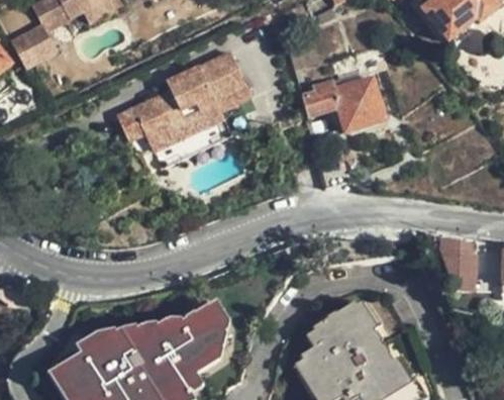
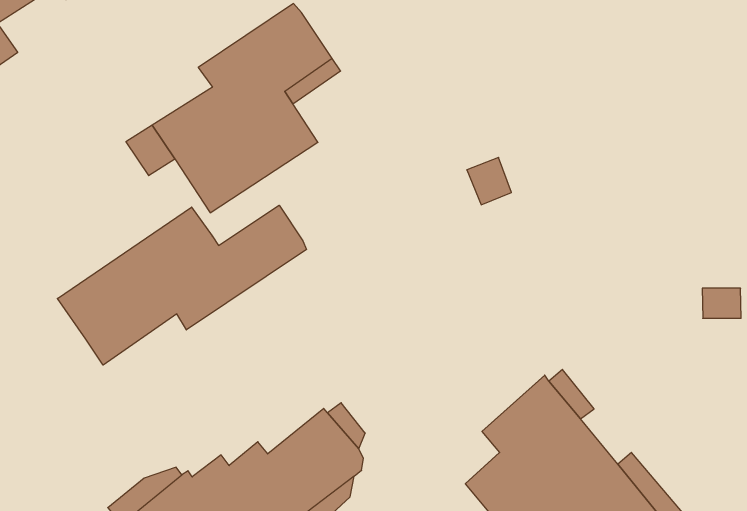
building: [301,79,385,131] -> none
building: none -> [57,205,307,365]

